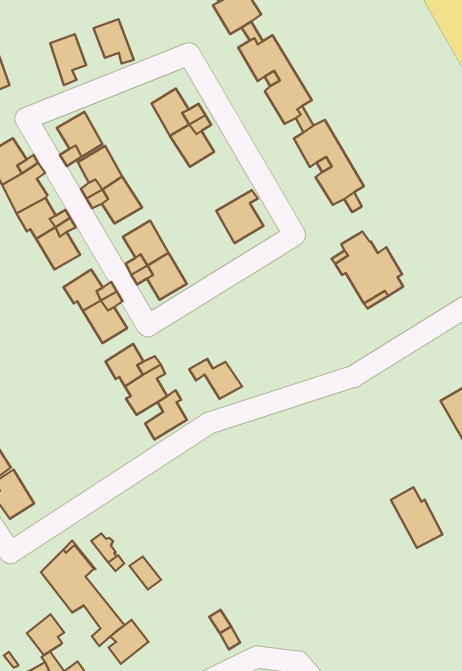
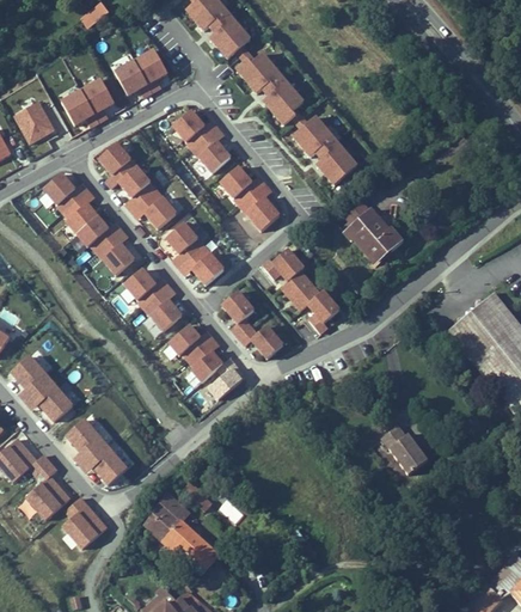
building: none -> [134,49,167,92]
building: none -> [61,90,98,127]
building: none -> [219,165,265,204]
building: none -> [262,249,338,332]
building: none -> [222,292,253,337]
building: [391,487,442,548] -> [380,424,427,473]
building: [27,614,64,655] -> none
building: [108,620,149,664] -> none

